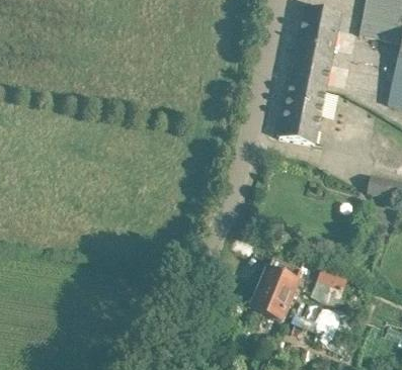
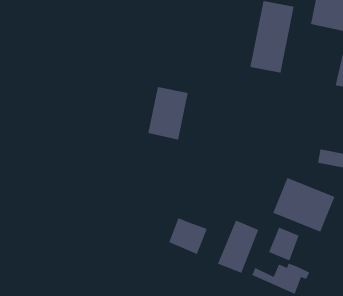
building: [277,83,325,145] -> [147,87,189,140]
building: none -> [273,177,335,232]
building: none -> [169,217,208,255]

